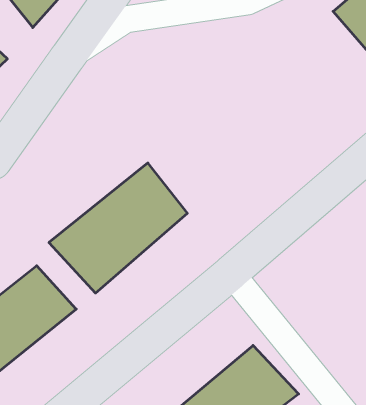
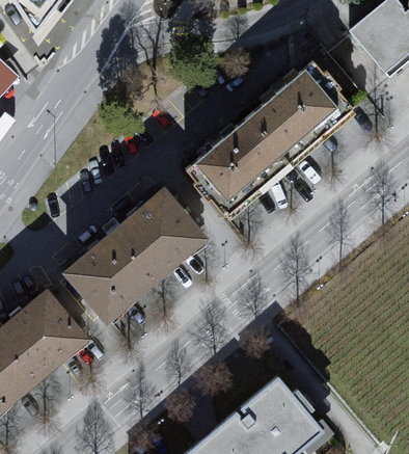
building: none -> [190,58,359,222]

